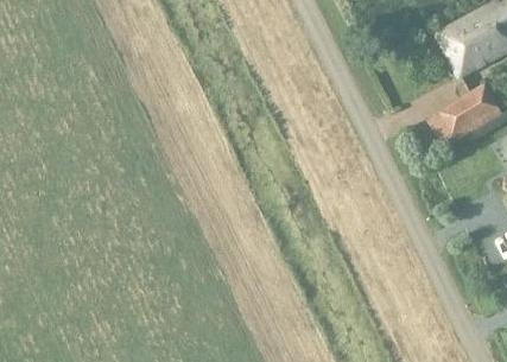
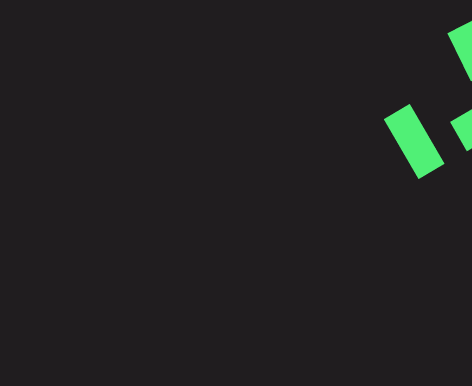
building: none -> [383,103,445,180]

